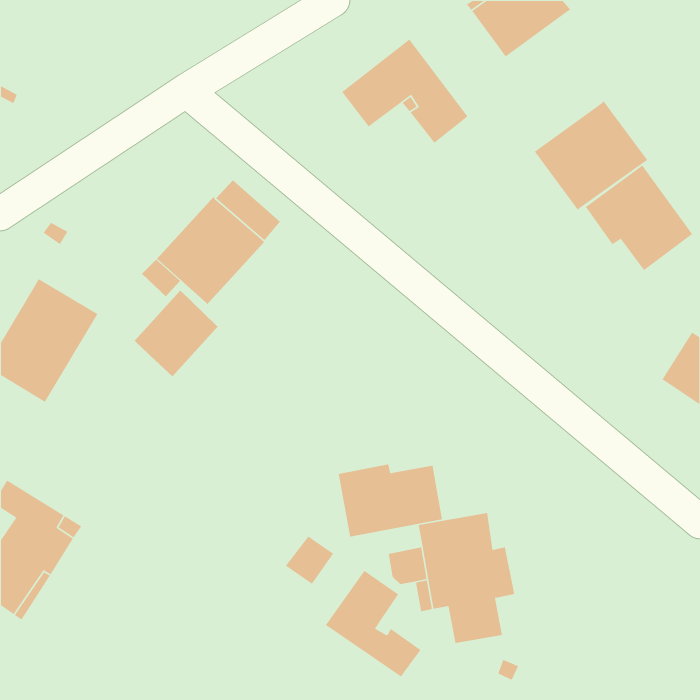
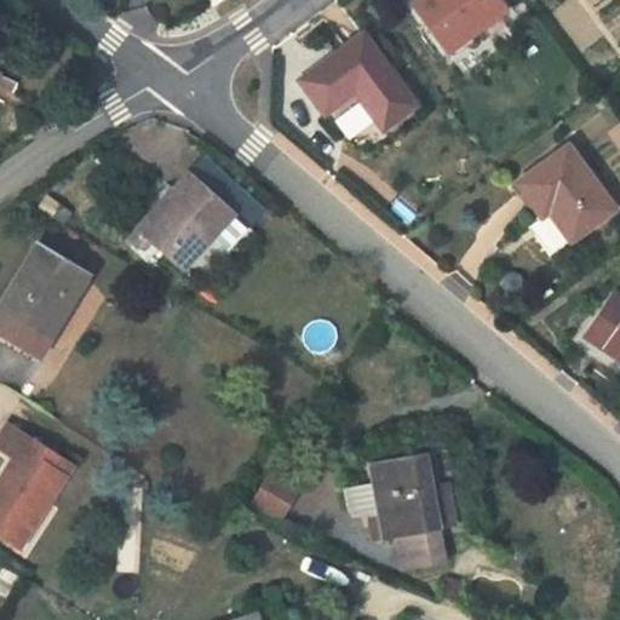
building: [534,100,648,211] -> none
building: [133,290,219,377] -> none
building: [338,464,443,538] -> none
building: [325,570,421,677] -> none

